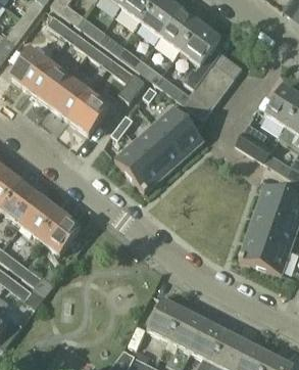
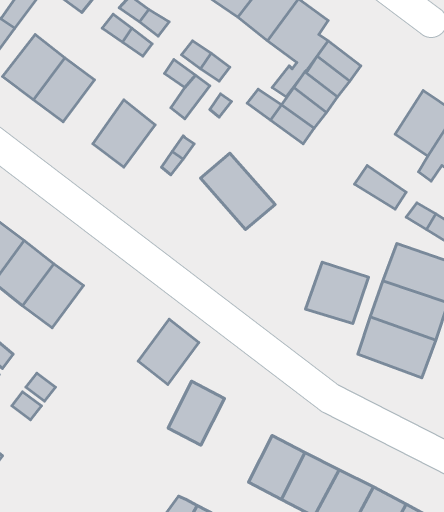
building: [47,76,87,118] -> none
building: [156,106,205,157] -> none
building: [117,140,166,191] -> none
building: none -> [305,262,368,324]
building: [40,211,80,253] -> [138,319,199,385]
building: [147,297,184,339] -> [168,381,224,445]

